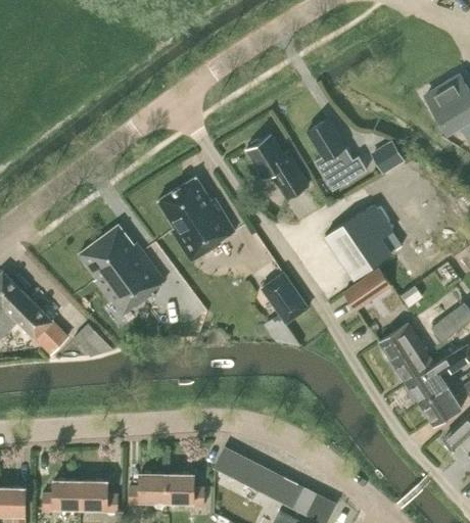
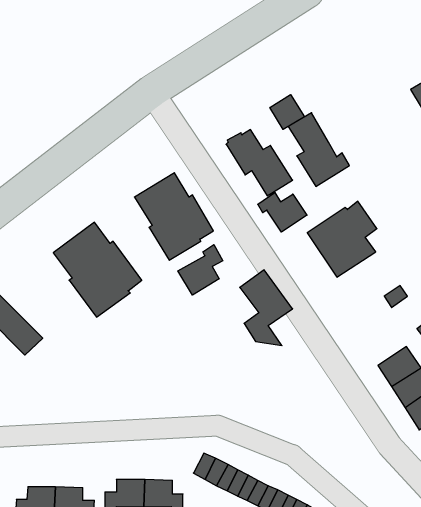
building: none -> [270,95,304,129]
building: [370,139,405,175] -> none
building: none -> [258,193,307,232]
building: none -> [178,245,223,295]
building: [344,268,390,310] -> none
building: [379,321,421,364] -> none

